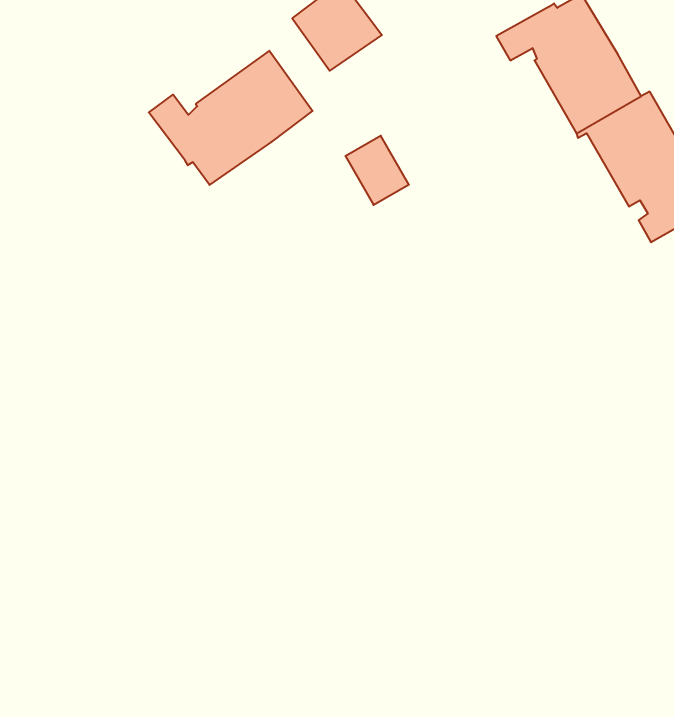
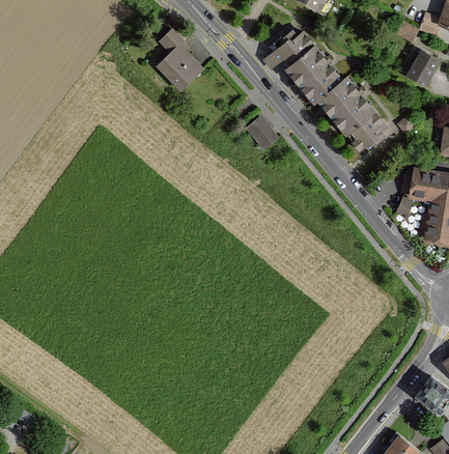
building: [149,51,313,185] -> none
building: [345,136,409,205] -> [243,115,278,151]

